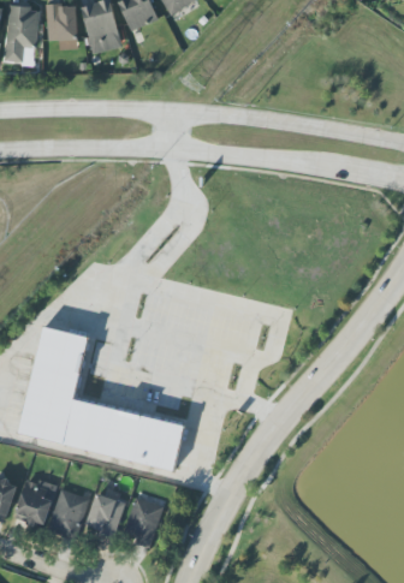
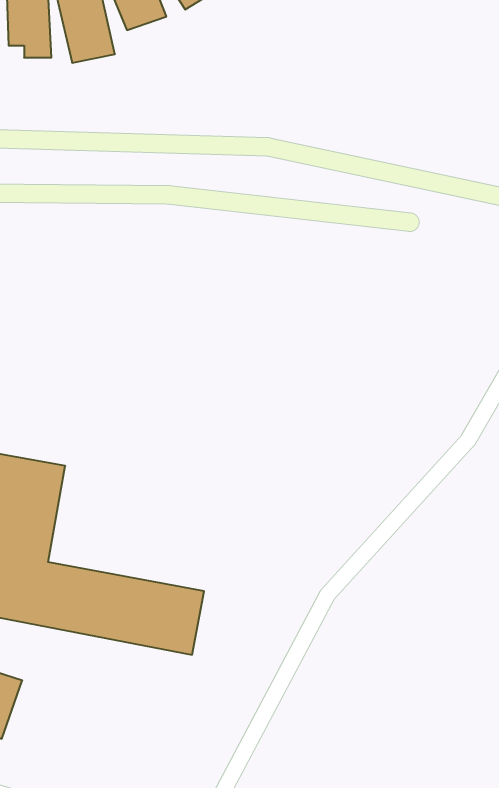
building: [48,489,89,540] -> none
building: [85,493,125,537] -> none
building: [125,498,164,548] -> none

